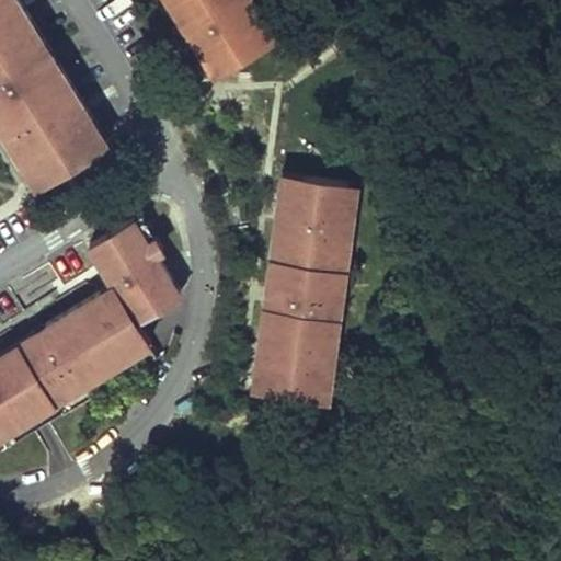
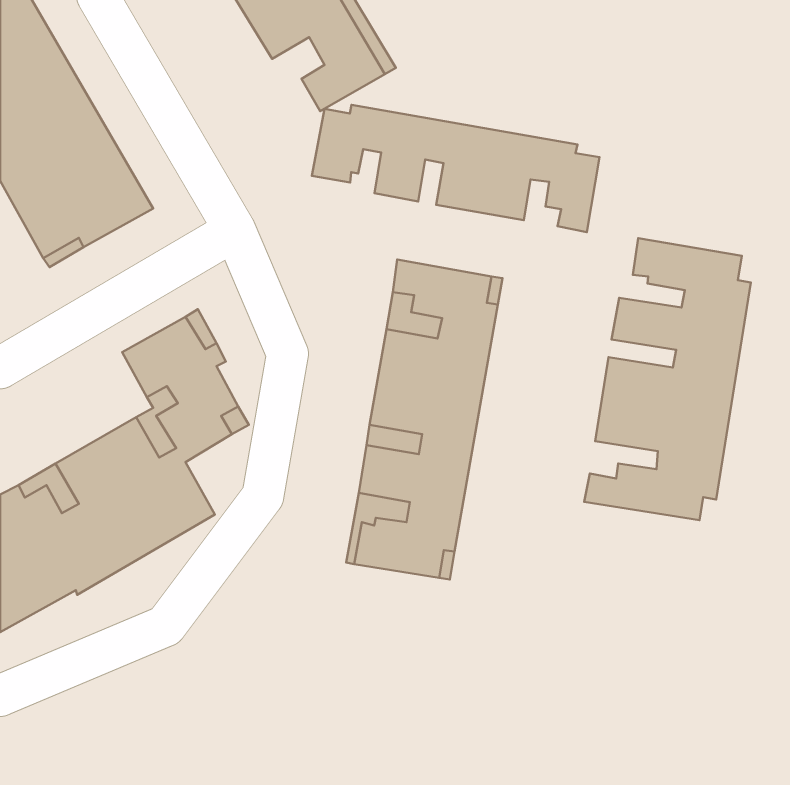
building: [193,26,230,84] -> none
building: none -> [312,105,600,232]
building: none -> [584,238,751,520]

